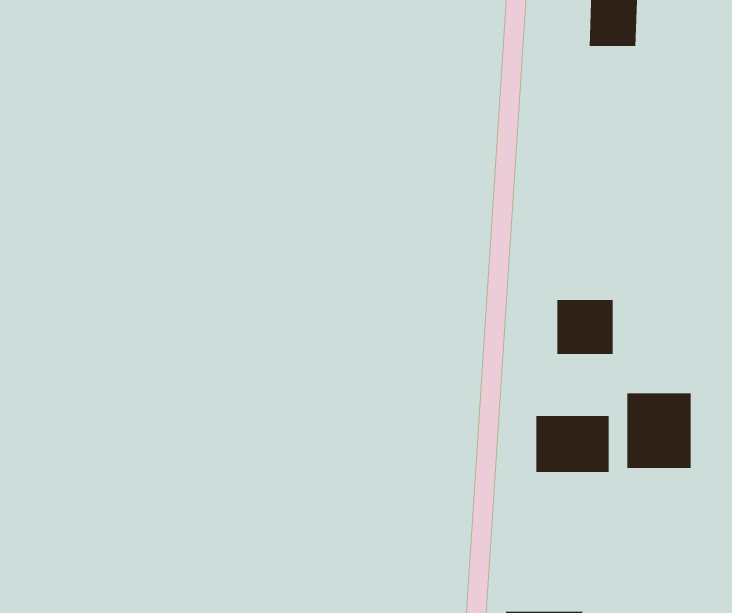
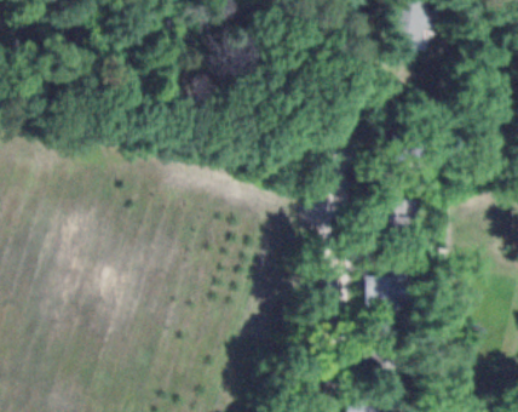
building: [627,393,691,469] -> none

